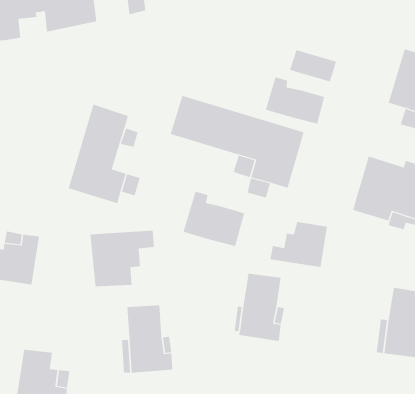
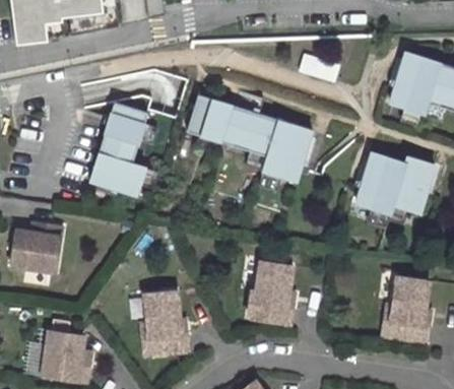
building: [265,76,325,124] -> none
building: [183,191,245,247] -> none
building: [270,221,327,268] -> none
building: [90,230,154,287] -> none

